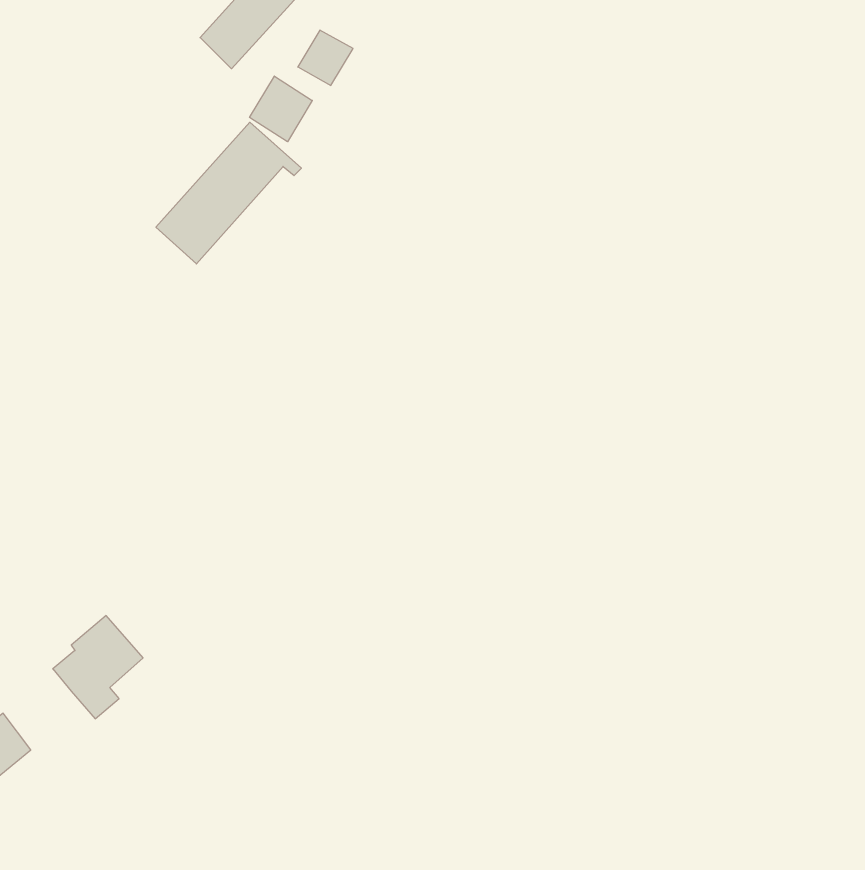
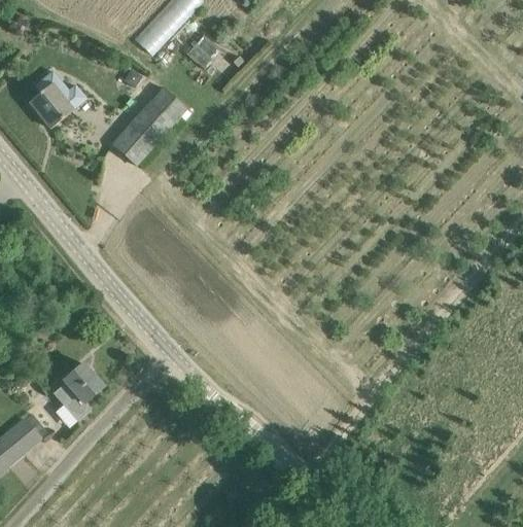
building: [250,76,312,142] -> none
building: none -> [29,72,84,127]

